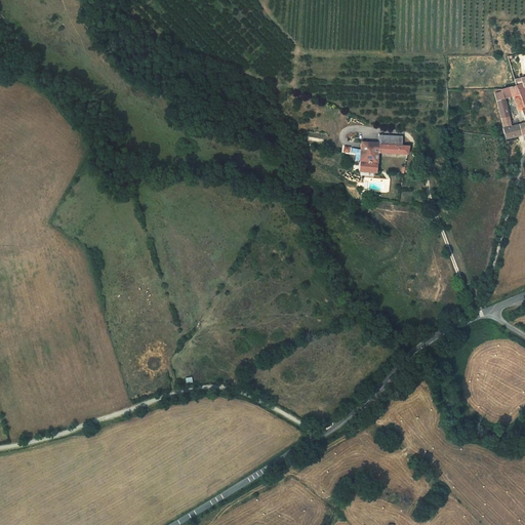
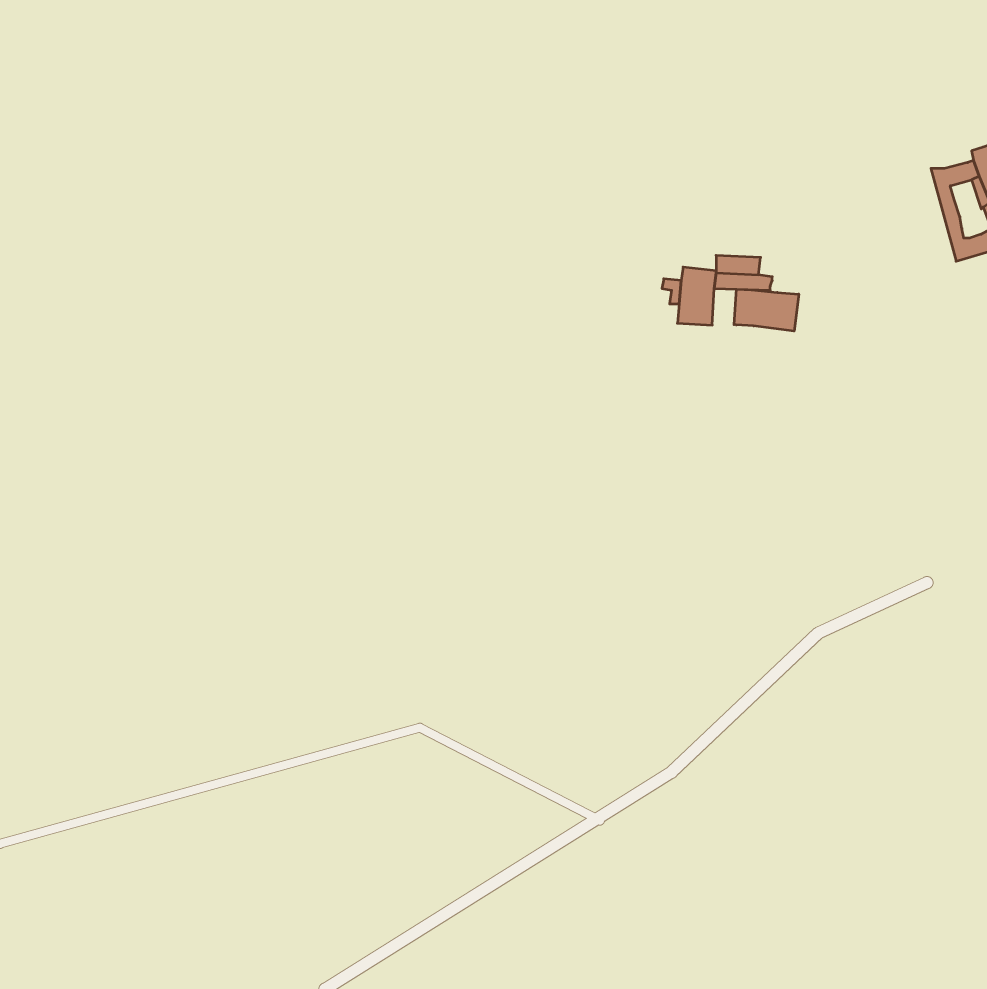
building: none -> [734,289,799,331]

